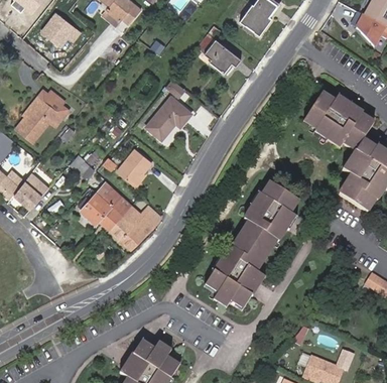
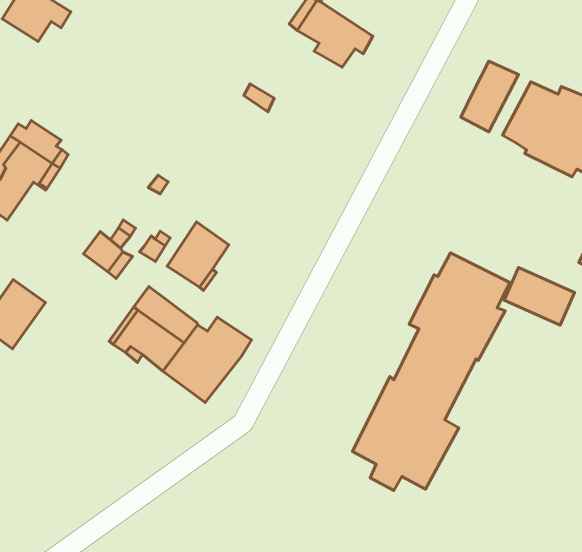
building: none -> [461,61,519,132]
building: [145,98,190,141] -> none
building: none -> [504,268,575,325]

